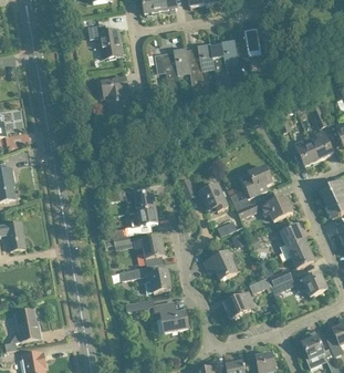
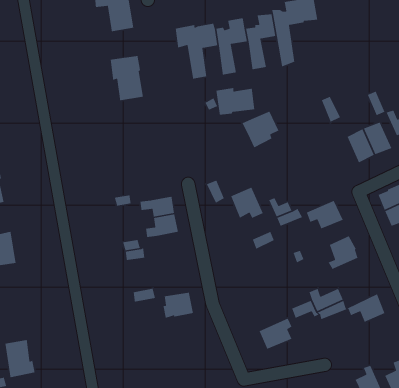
building: none -> [216,87,255,115]
building: [240,165,271,196] -> [242,111,279,148]
building: [134,236,164,265] -> none
building: [279,242,313,268] -> none
building: [204,250,236,279] -> none
building: [125,298,187,332] -> none

